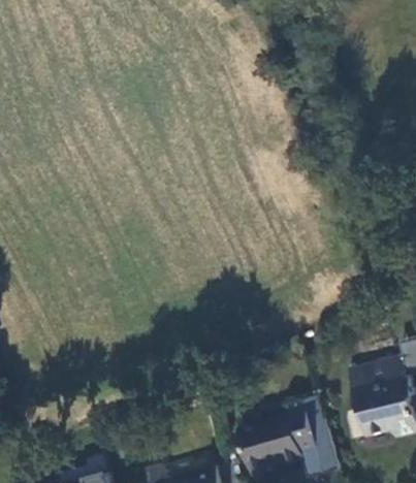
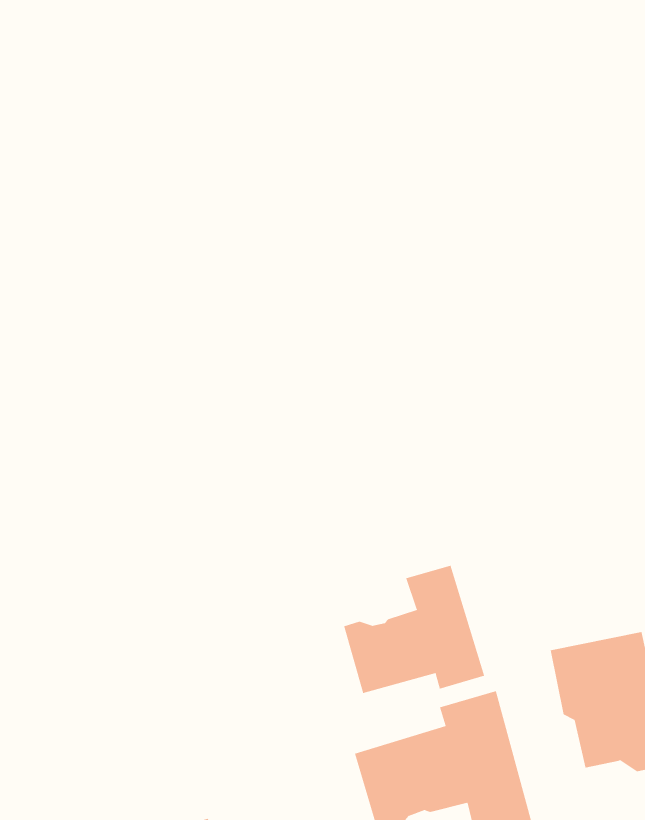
building: none -> [344,565,485,694]

